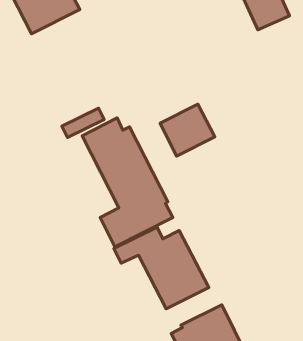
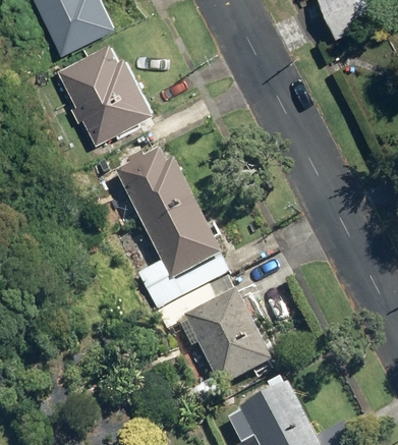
building: none -> [56,43,153,144]
building: [160,104,215,156] -> none

